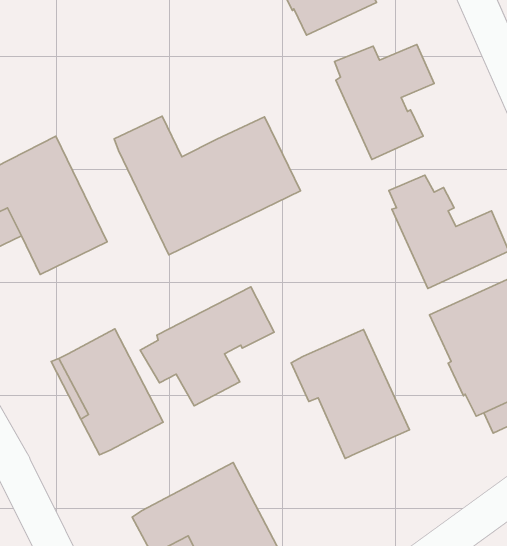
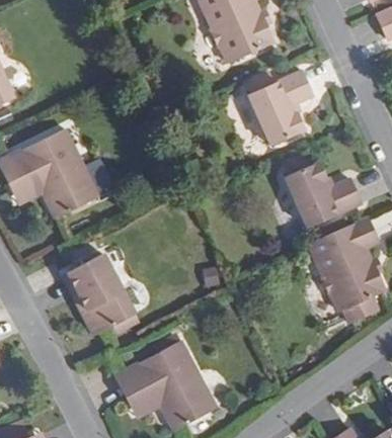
building: [114,116,301,255] -> none
building: [140,287,274,406] -> none
building: [291,330,409,459] -> none

